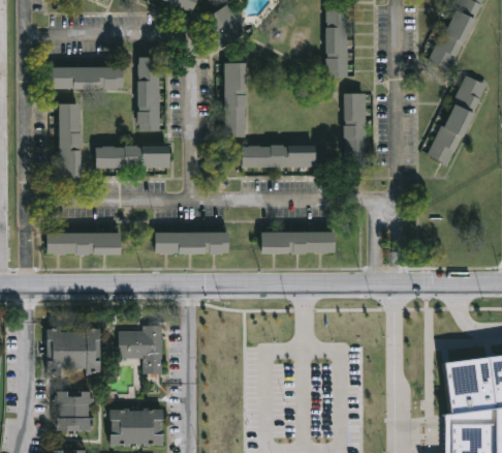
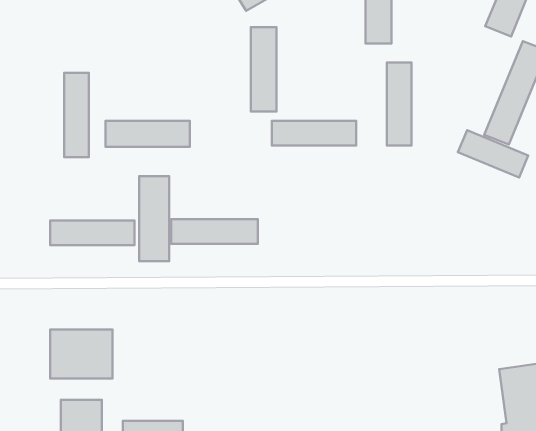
building: [137,57,160,129] -> none
building: [50,66,123,89] -> none
building: none -> [458,130,528,178]
building: none -> [139,176,169,261]
building: [260,231,334,252] -> none
building: [119,327,161,373] -> none

